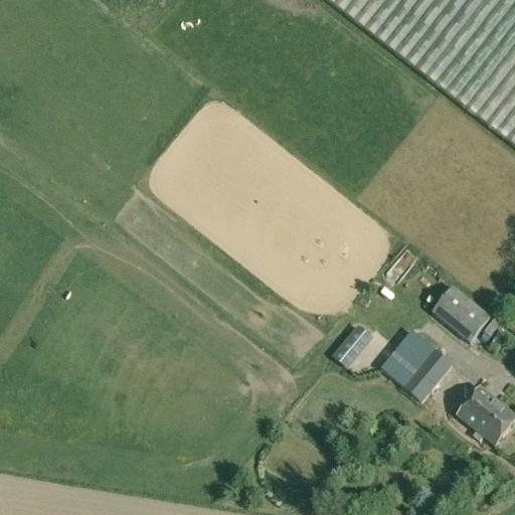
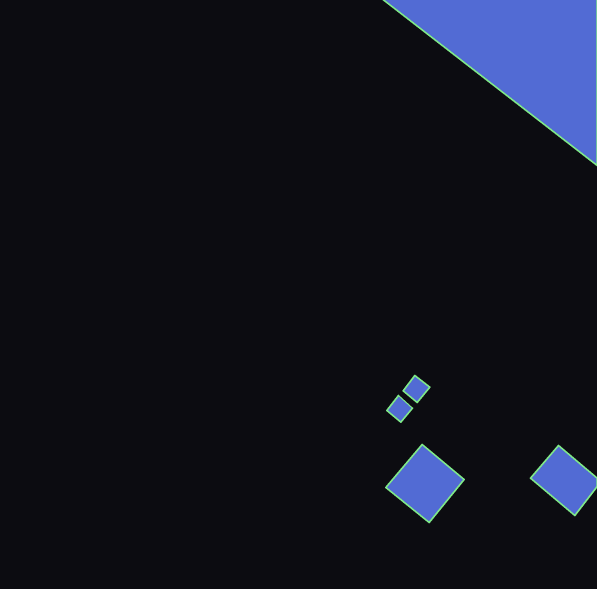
building: [431,284,492,342] -> none
building: [384,332,452,399] -> [386,444,464,523]

